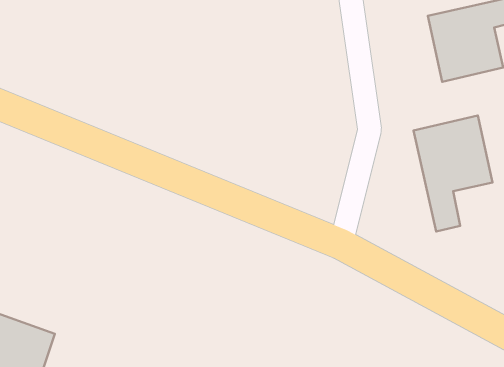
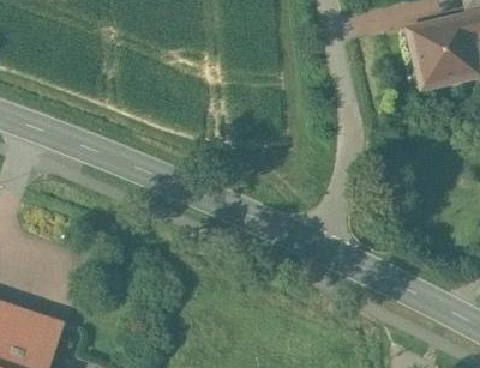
building: [413,115,492,232] -> none

